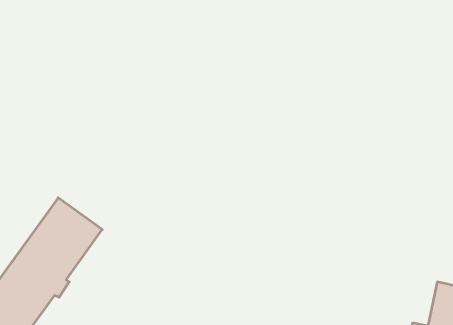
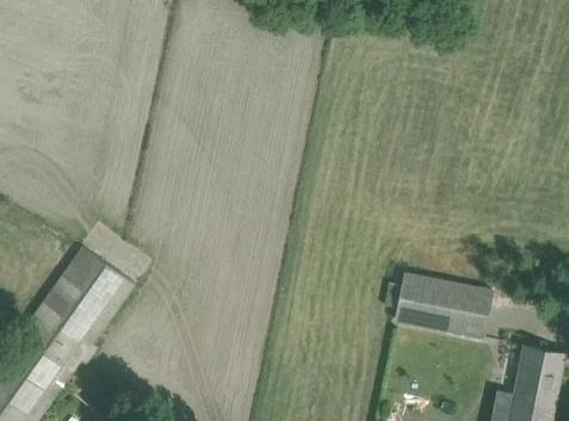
building: none -> [392,272,490,338]

